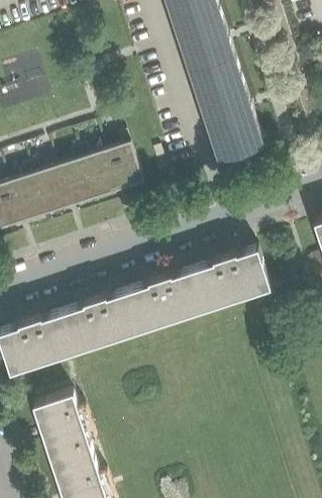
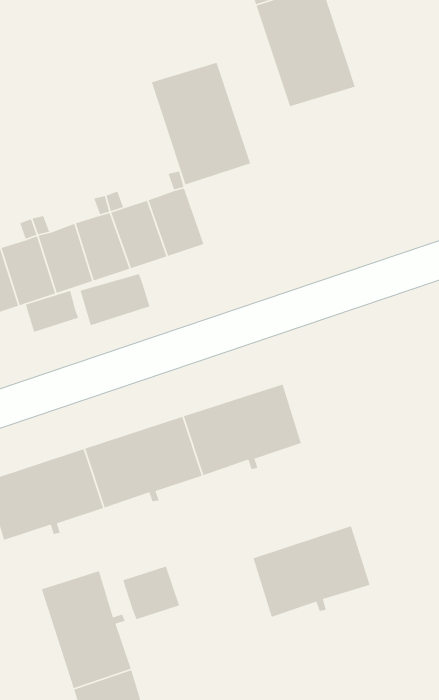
building: [196,78,261,159] -> [151,62,251,185]
building: none -> [79,273,151,326]
building: none -> [25,290,79,333]
building: [192,251,269,311] -> [253,525,370,618]
building: none -> [122,565,180,620]

